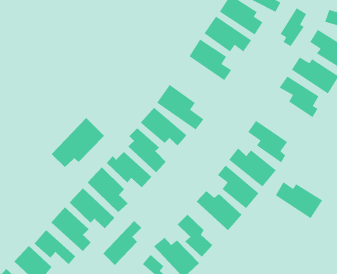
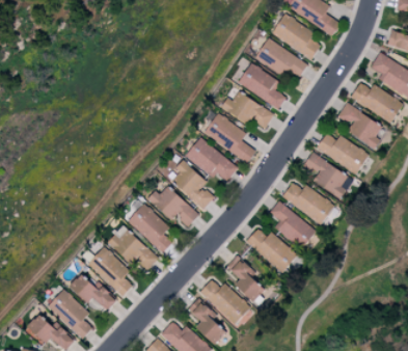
building: [280,7,307,47] -> none
building: none -> [220,91,274,129]
building: [51,117,105,168] -> none
building: [275,181,323,219] -> [316,133,369,174]
building: [102,220,142,266] -> none

